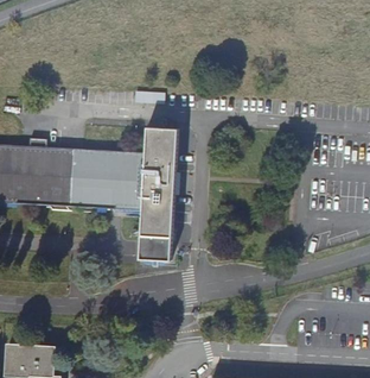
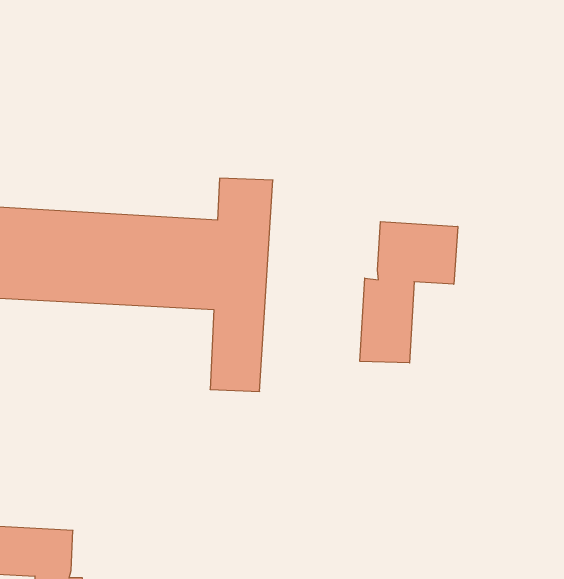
building: none -> [360,222,458,363]

